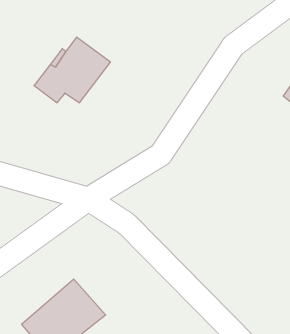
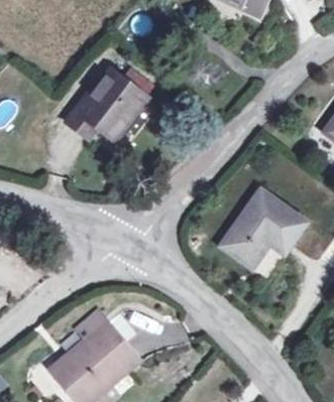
building: none -> [221,191,306,267]

